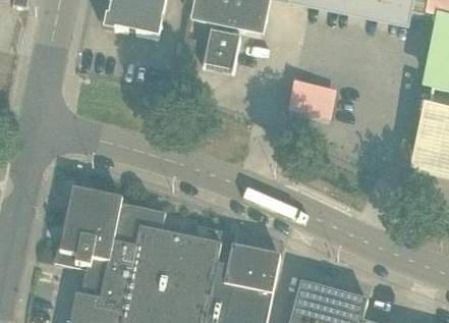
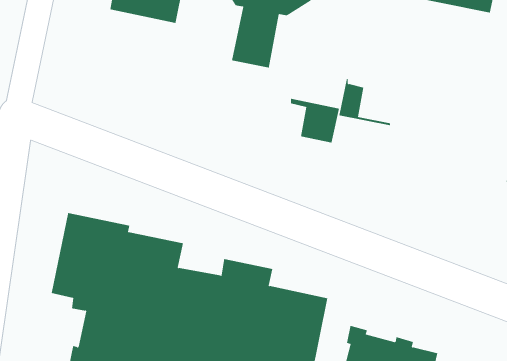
building: [295,79,335,115] -> [290,98,340,143]

